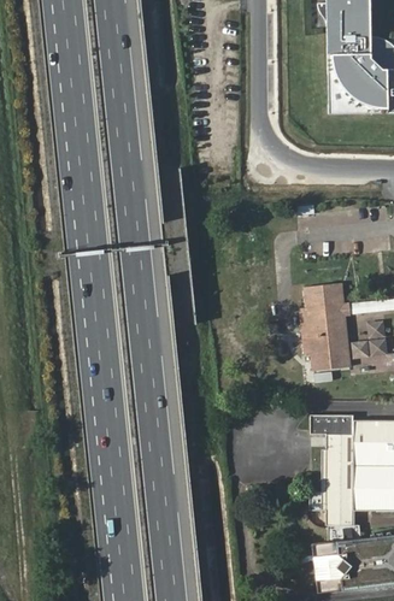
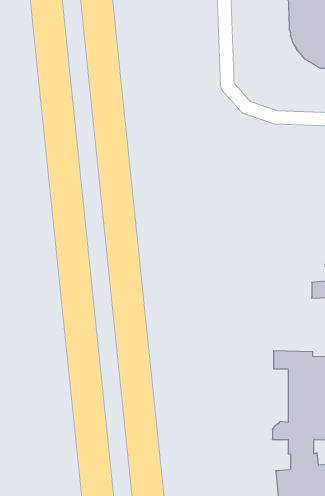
building: [300,283,351,371] -> none

